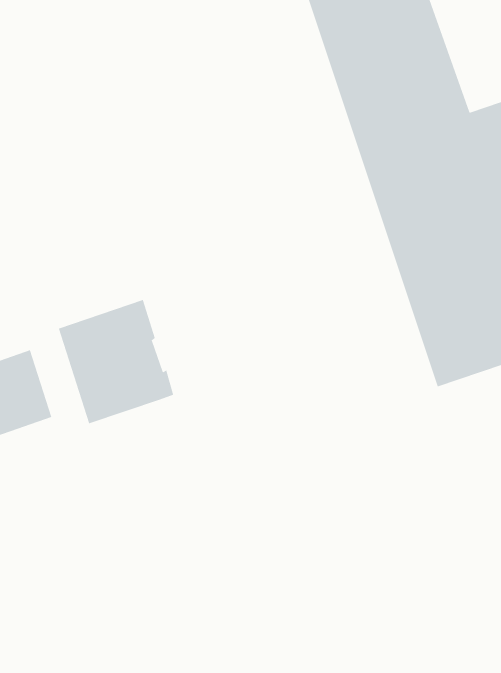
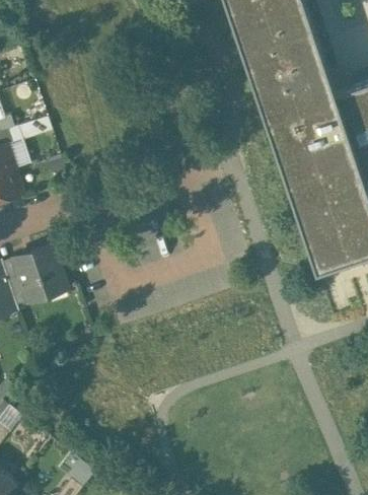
building: [58,299,174,424] -> none

